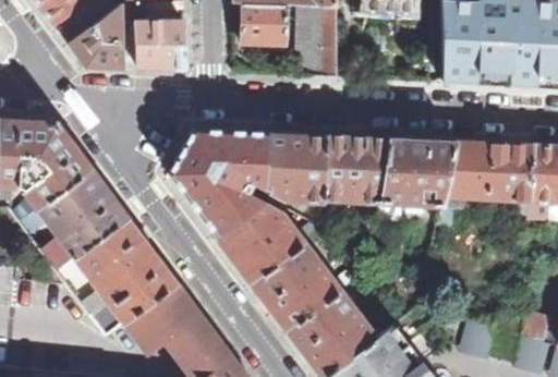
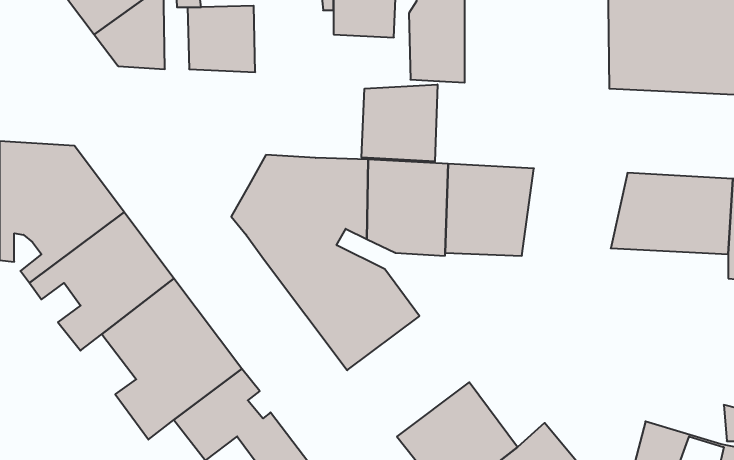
building: none -> [362,84,437,161]
building: [377,138,456,215] -> none
building: [253,245,341,332] -> none

